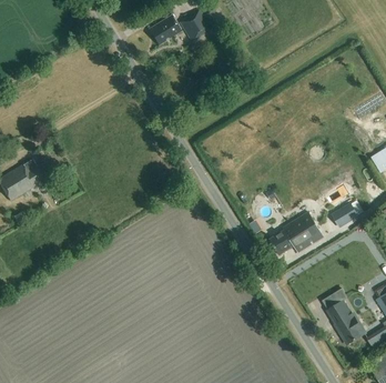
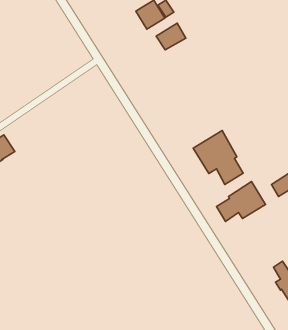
building: [149,14,182,44] -> [156,23,186,50]
building: none -> [193,131,243,184]

